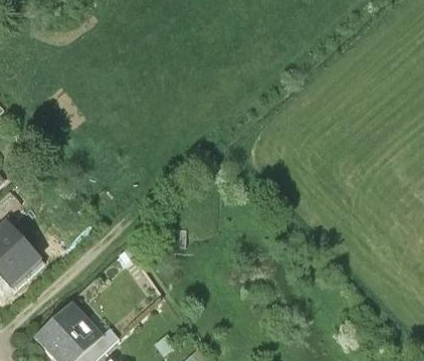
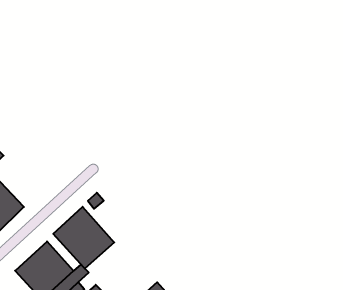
building: none -> [53,207,114,269]

